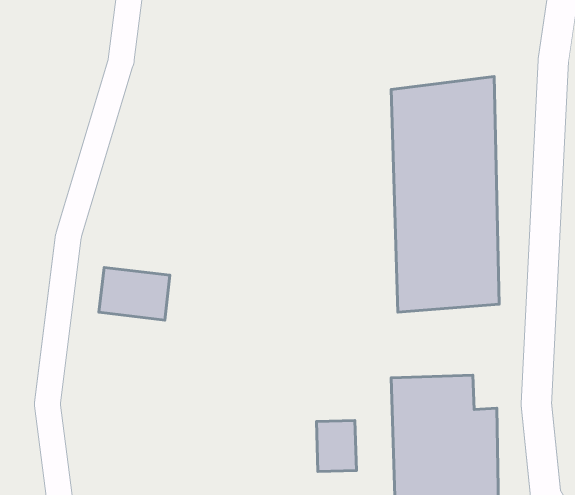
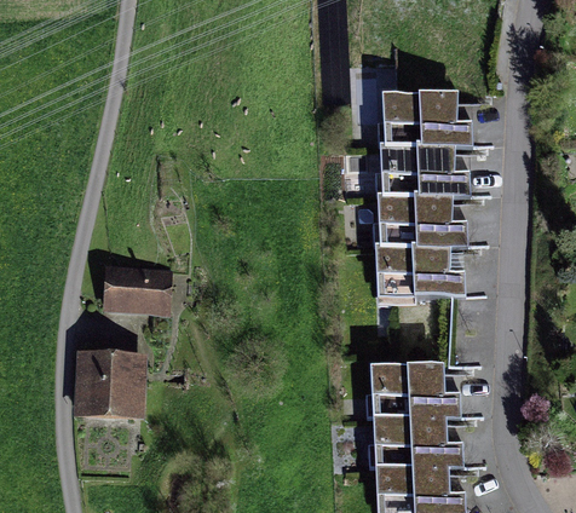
building: none -> [76,350,140,420]
building: [316,421,356,472] -> none

